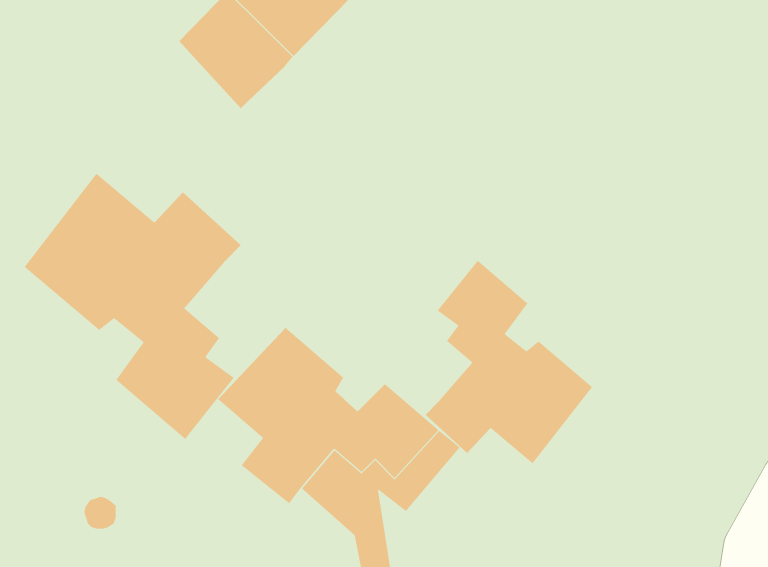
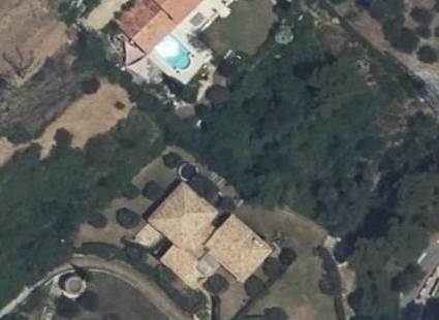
building: [24,173,242,440] -> none
building: [425,260,593,464] -> none

